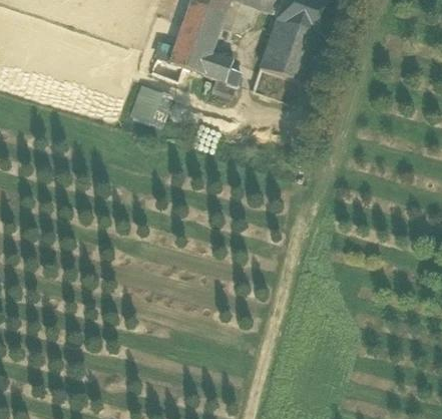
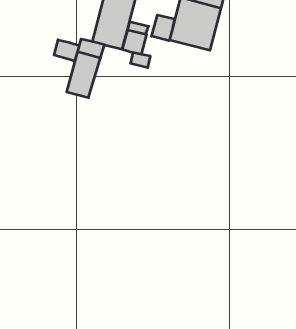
building: none -> [151,15,174,41]
building: none -> [54,40,79,61]

